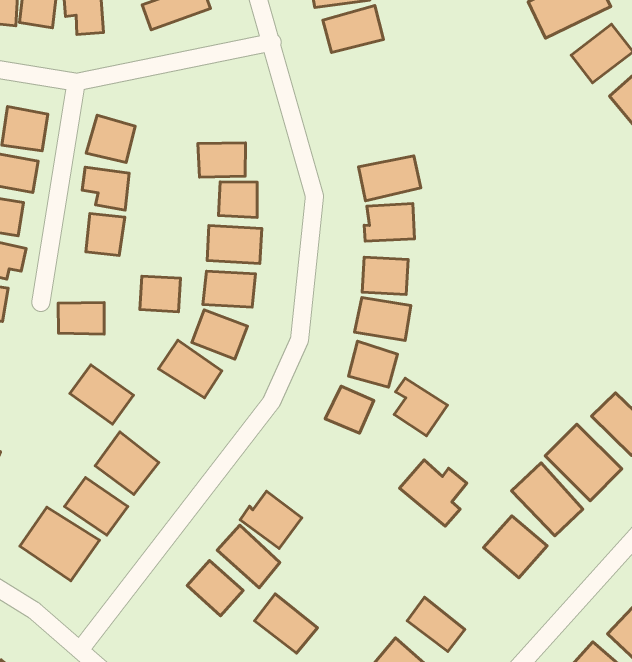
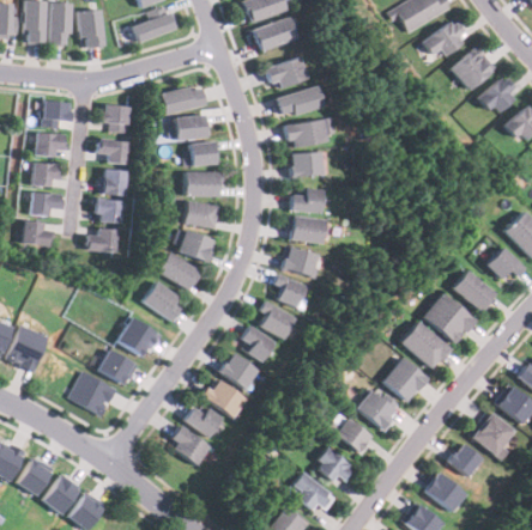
building: none -> [267,56,308,90]
building: none -> [158,85,206,115]
building: none -> [276,84,324,116]
building: [140,276,180,312] -> [96,199,122,221]
building: [70,365,133,424] -> [143,281,186,321]
building: [394,378,448,436] -> [260,299,296,337]
building: none -> [237,325,276,361]
building: [400,460,467,526] -> [356,388,401,432]
building: [254,594,317,653] -> [168,424,211,463]

